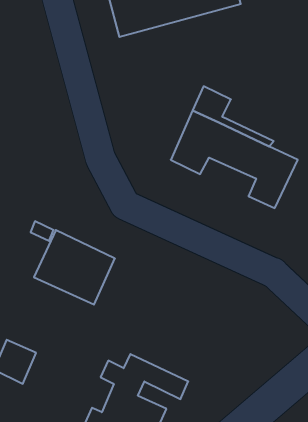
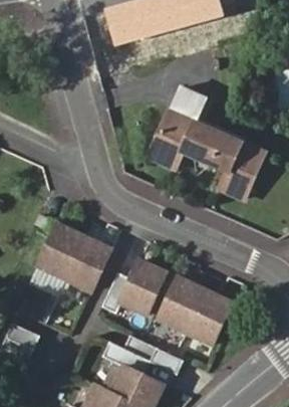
building: none -> [101,260,166,315]
building: none -> [157,276,232,345]

